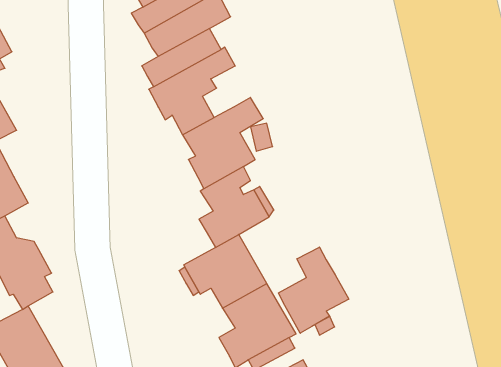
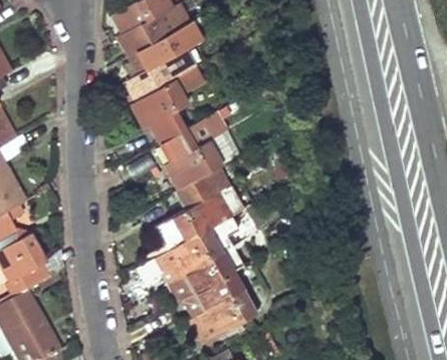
building: [278,247,349,333] -> none

